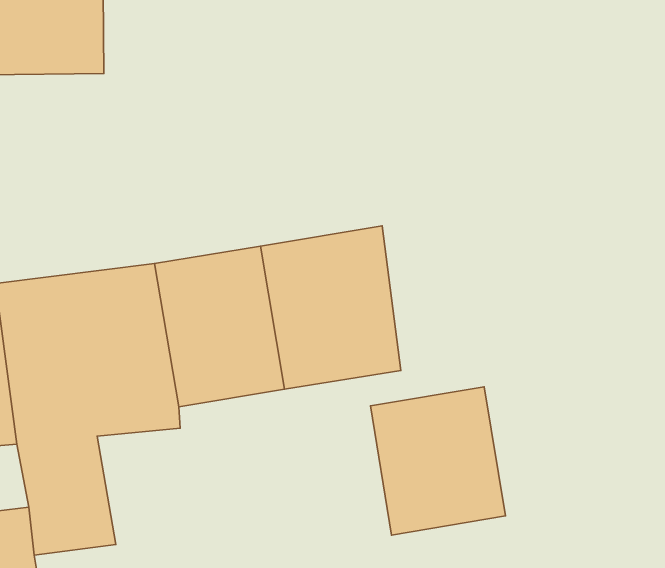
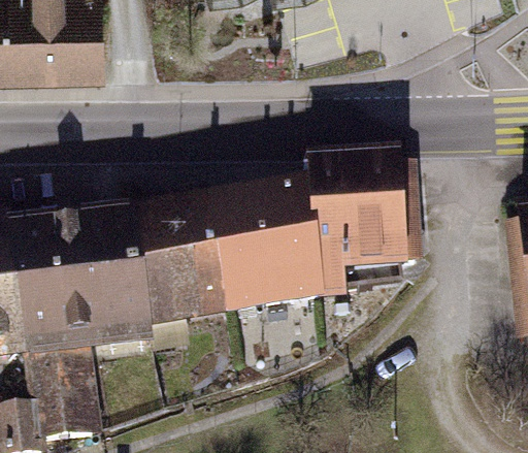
building: none -> [301,158,419,295]
building: [370,387,505,535] -> none

